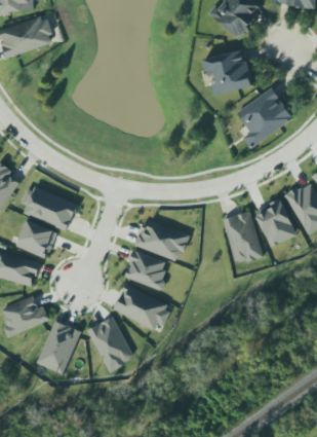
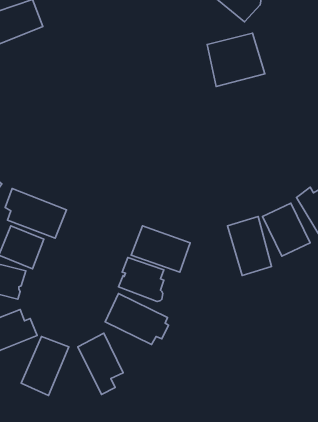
building: [237,87,293,147] -> none

